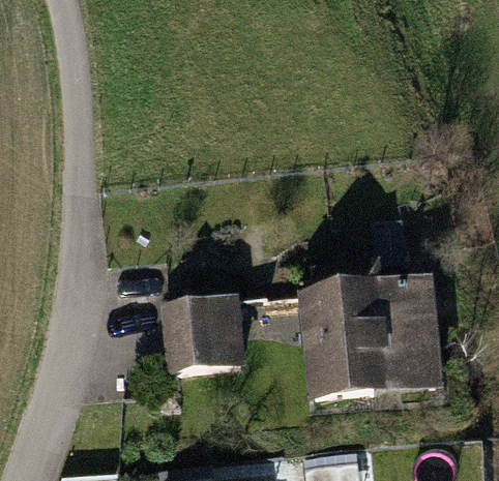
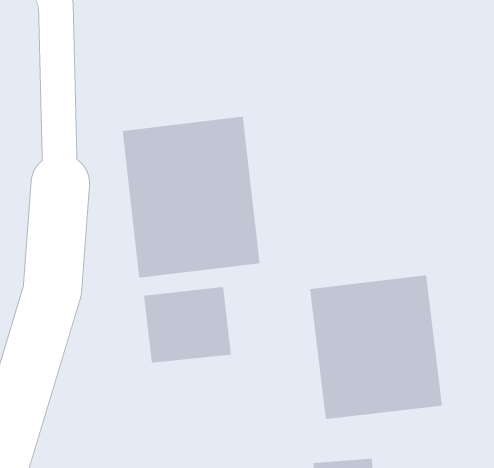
building: none -> [122,116,260,278]

